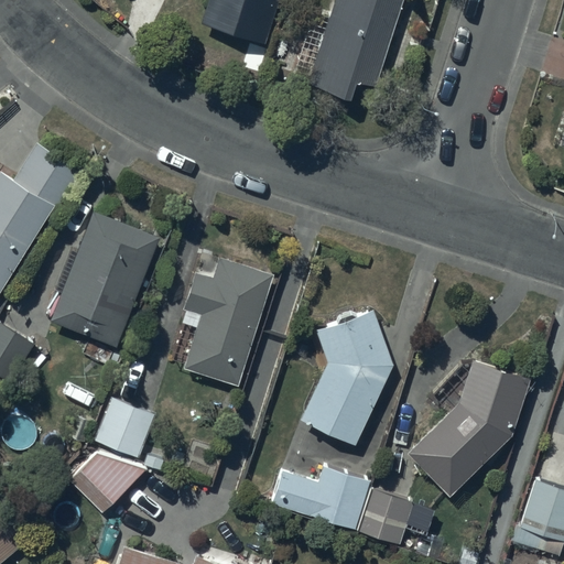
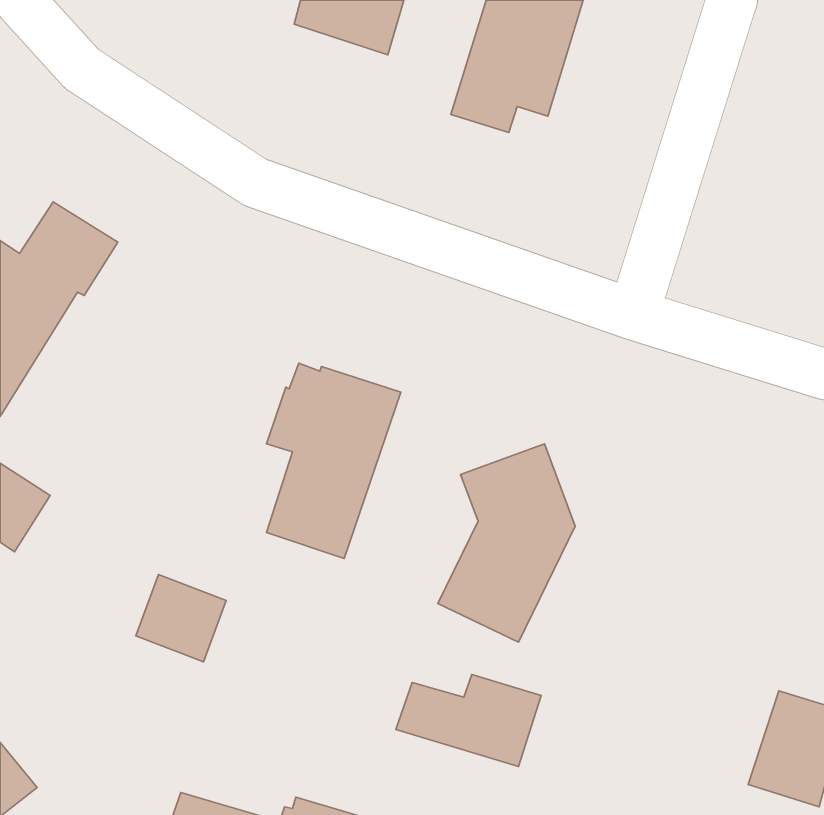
building: [51,212,161,346] -> none
building: [406,352,532,497] -> none
building: [69,453,147,513] -> none
building: [358,489,414,545] -> none

